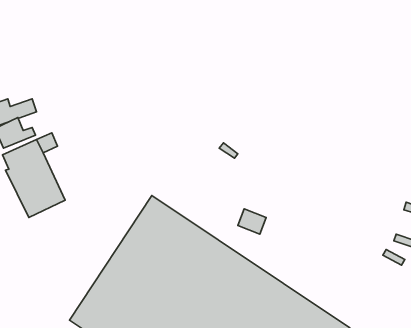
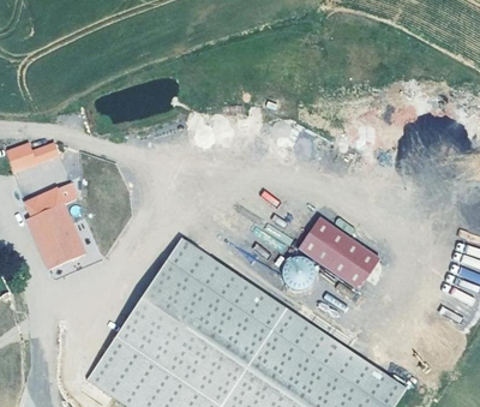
building: none -> [295,215,380,288]

